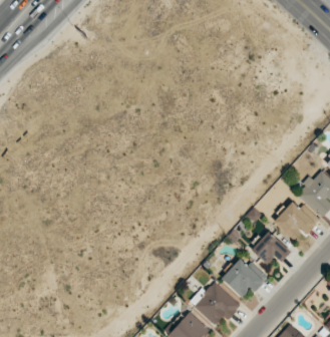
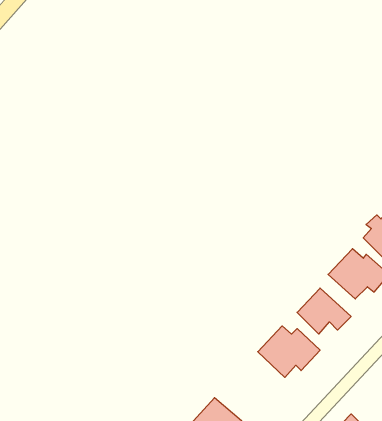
building: [192,280,241,325] -> none

